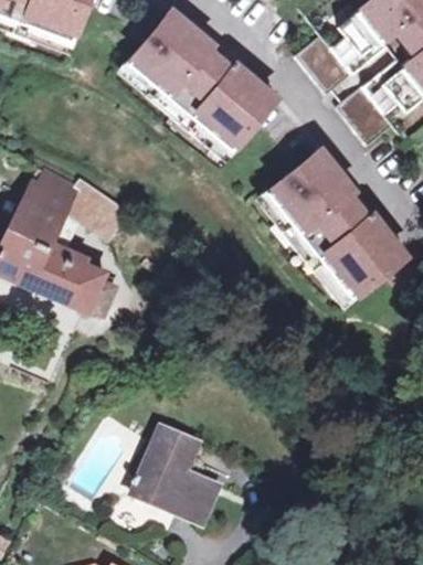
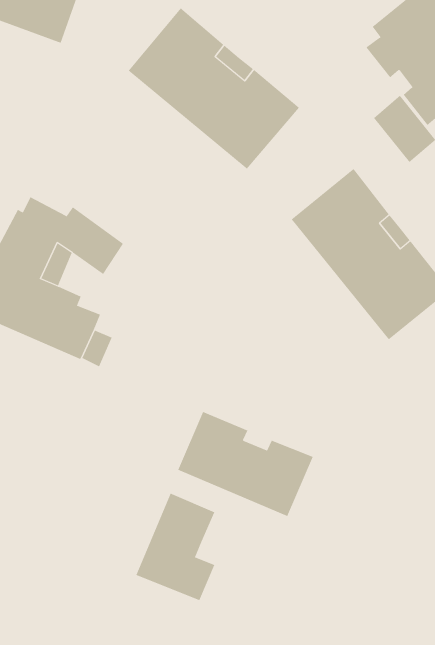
building: [298,33,352,90] -> none
building: none -> [177,411,313,517]
building: [187,468,225,526] -> none

